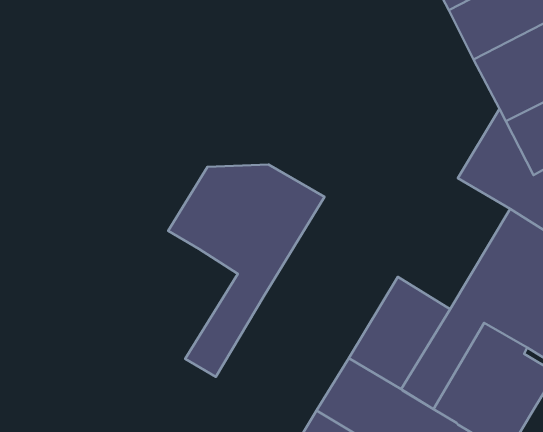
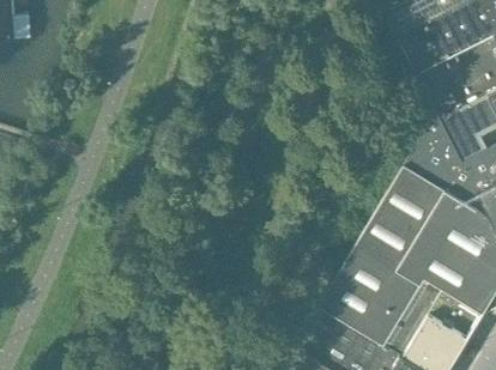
building: [168,164,324,377] -> none
building: none -> [359,168,447,269]

